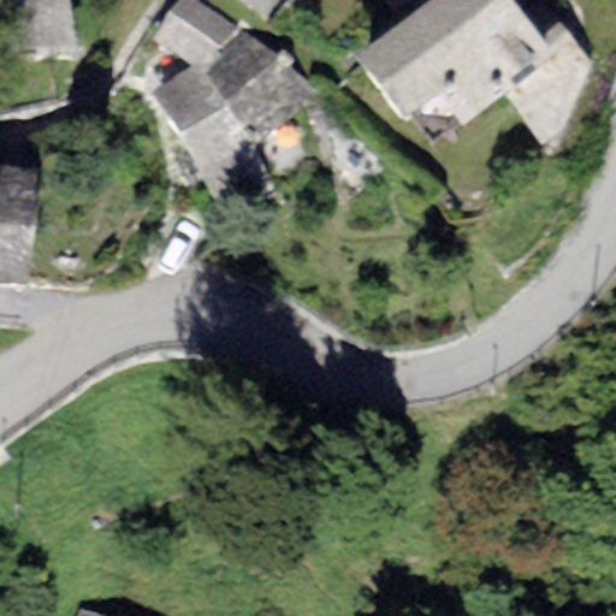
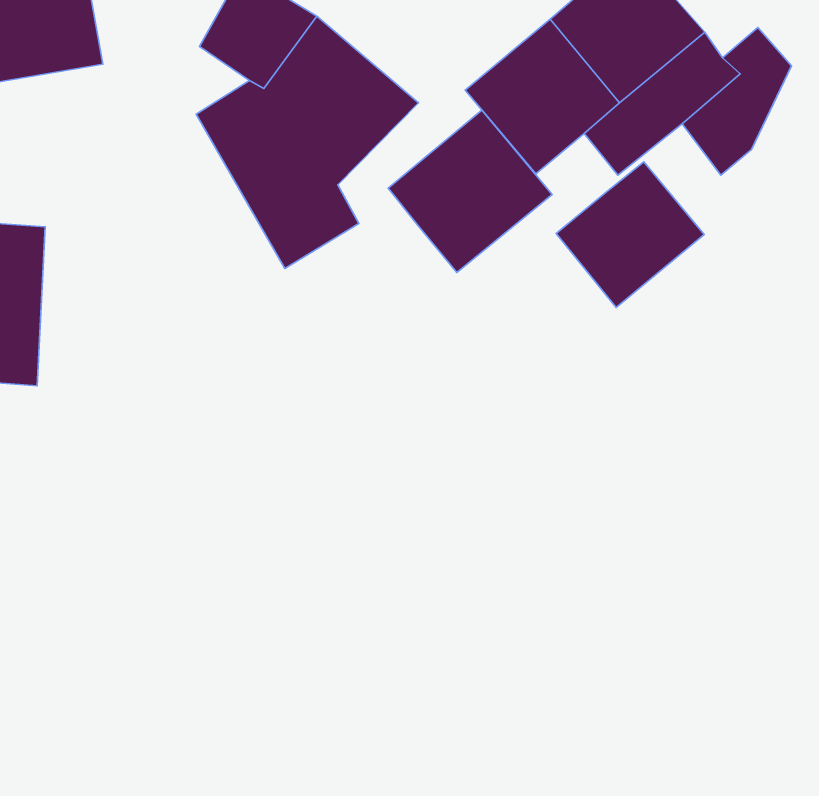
building: none -> [388,110,552,272]
building: none -> [556,162,704,307]

